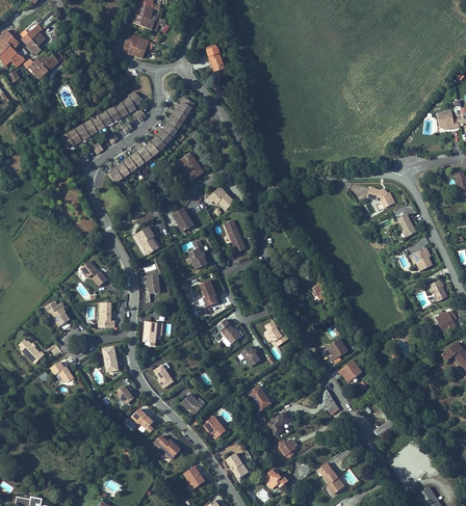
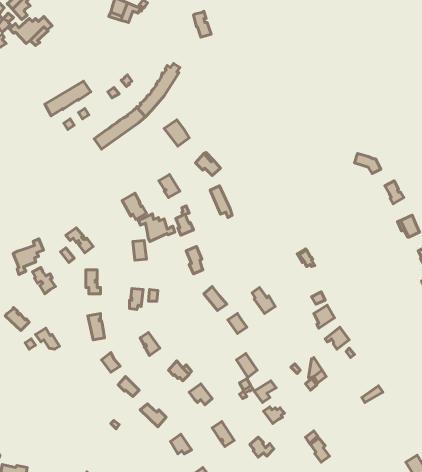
building: [98,91,143,126] -> none
building: none -> [139,214,175,242]
building: none -> [13,239,43,274]

